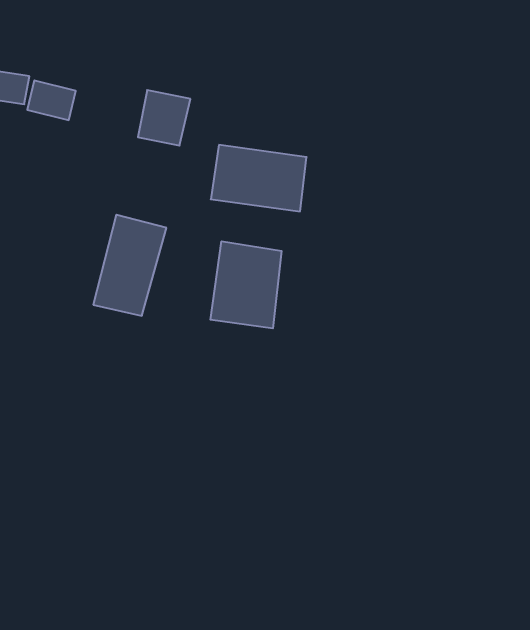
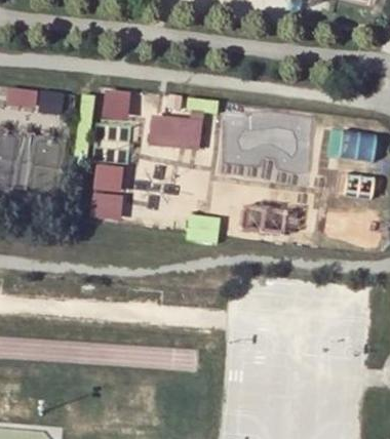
building: [210,241,282,328] -> none

